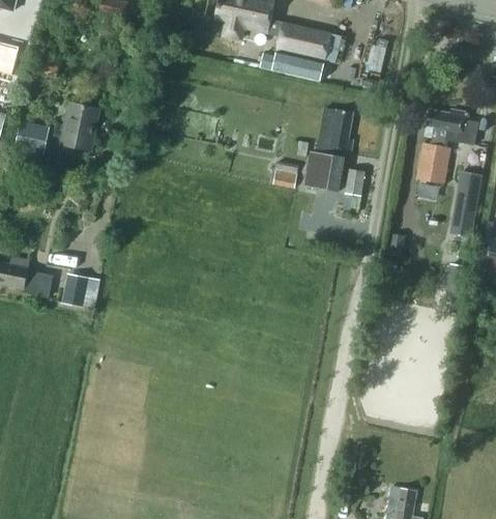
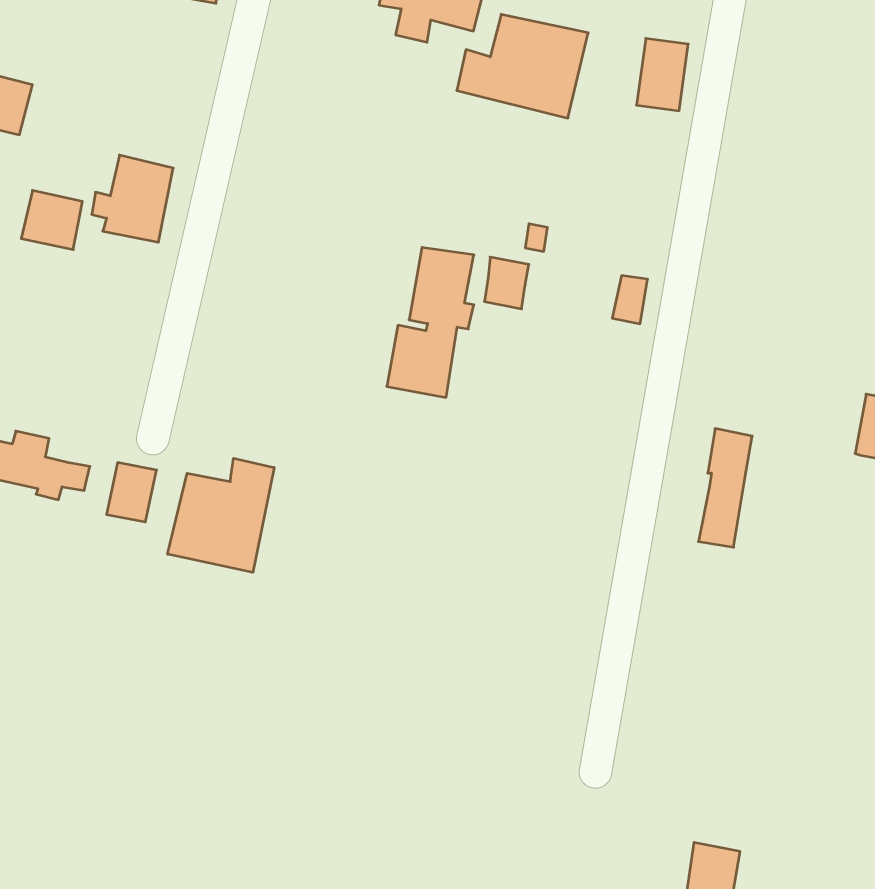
building: [305,108,354,192] -> [387,247,474,397]
building: [417,110,478,183] -> none
building: [450,170,480,236] -> [698,429,752,547]
building: none -> [168,458,274,572]

